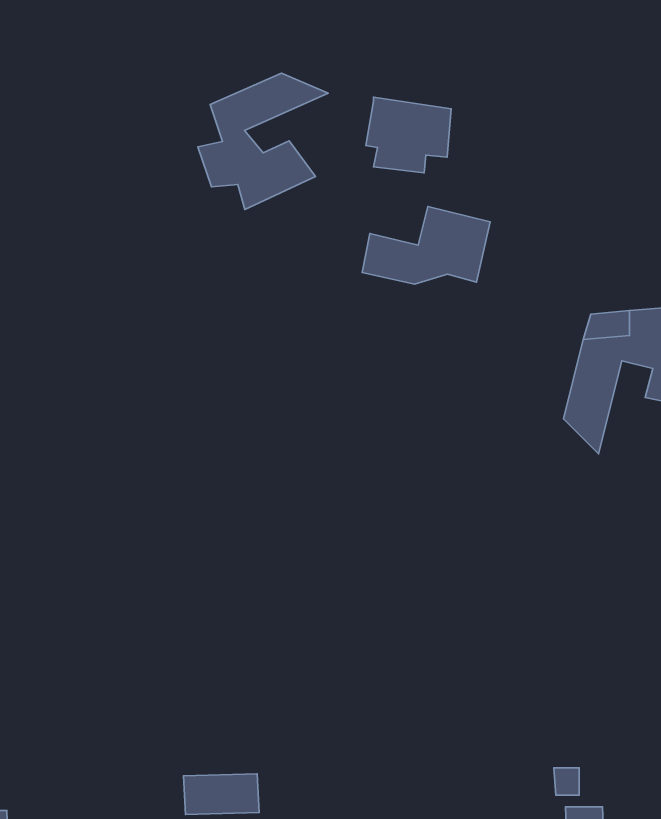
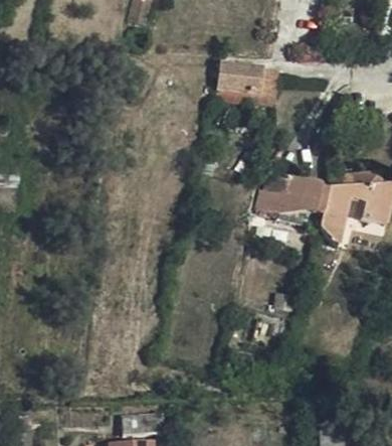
building: [198,73,328,210] -> none
building: [362,206,490,284] -> [258,174,325,214]

